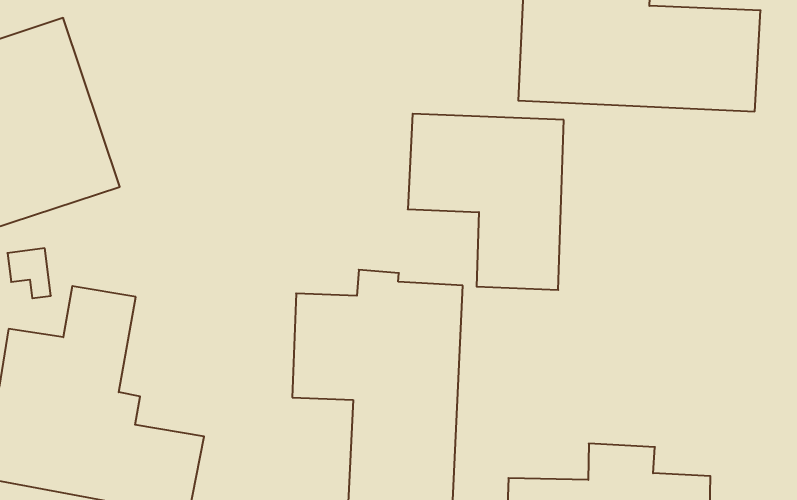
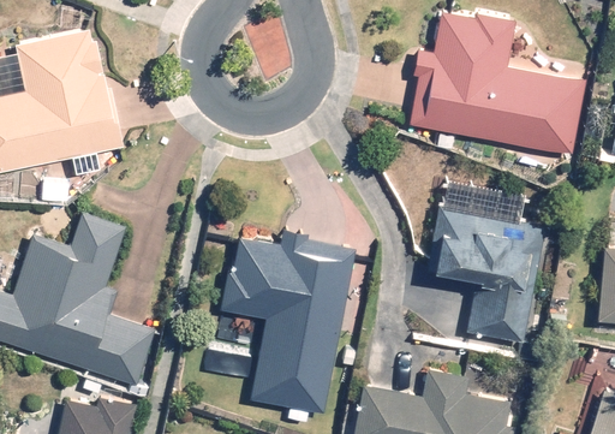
building: [408,114,564,290] -> [426,206,543,341]

